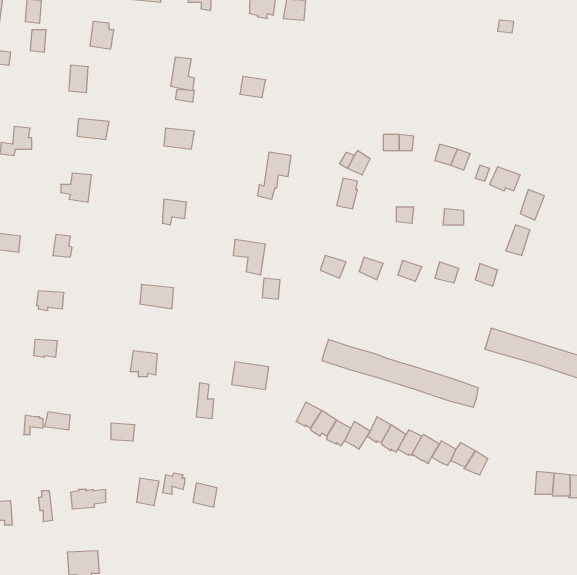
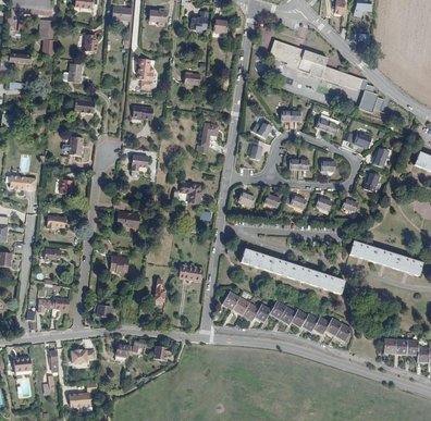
building: none -> [268,39,383,112]

